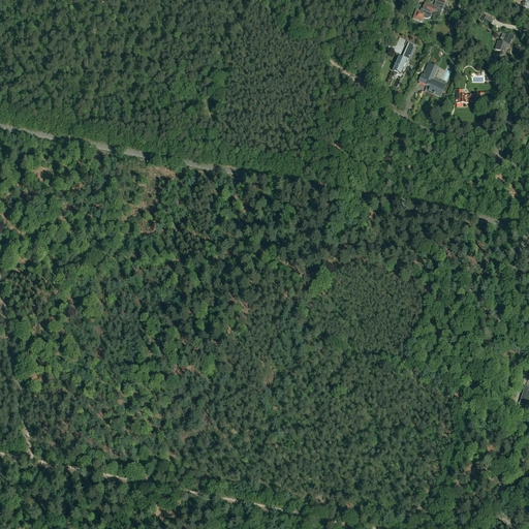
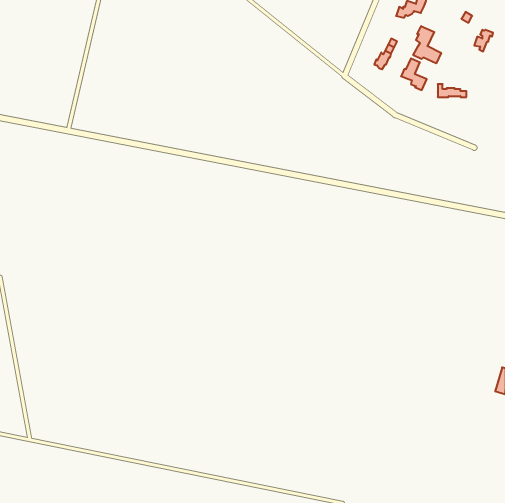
building: none -> [413,26,441,63]

